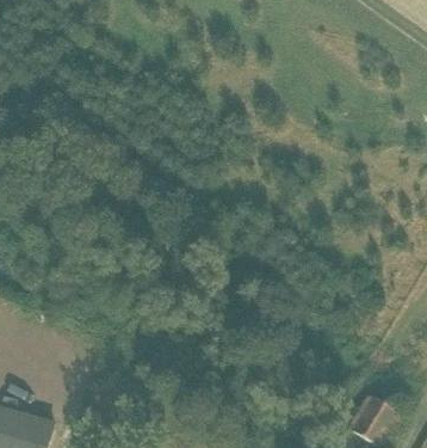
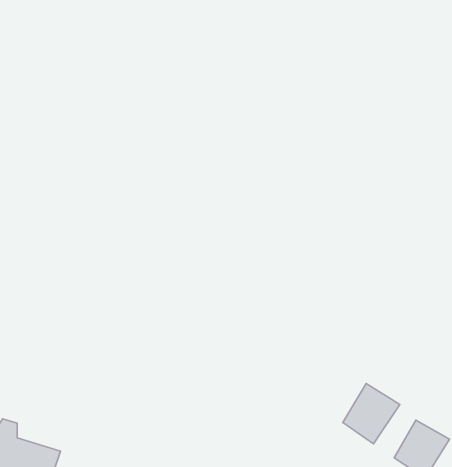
building: none -> [343,384,400,444]

